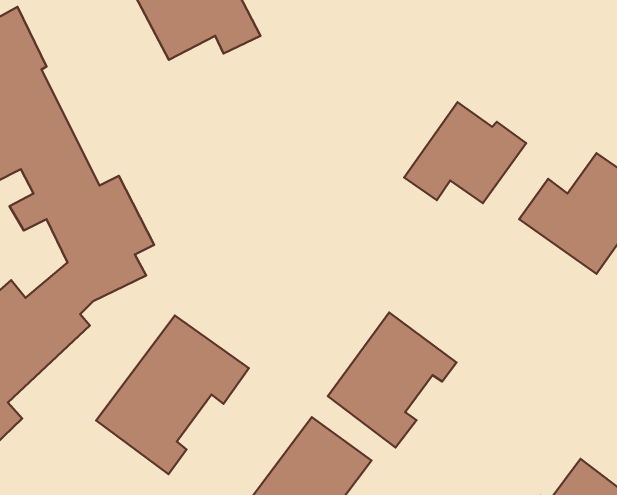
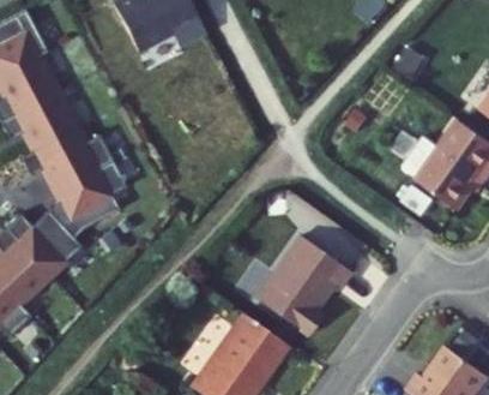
building: [404,102,526,203] -> none
building: [96,315,249,474] -> none

